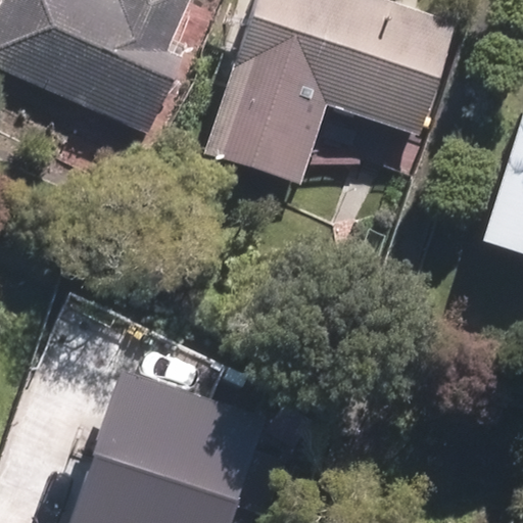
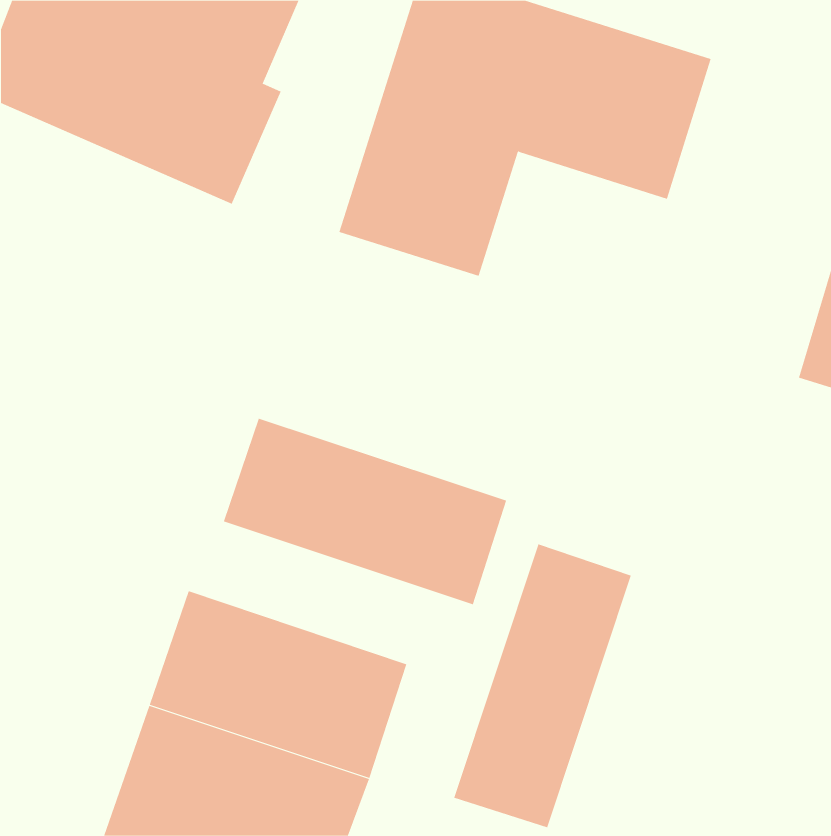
building: none -> [223,418,507,605]
building: none -> [454,544,631,828]

